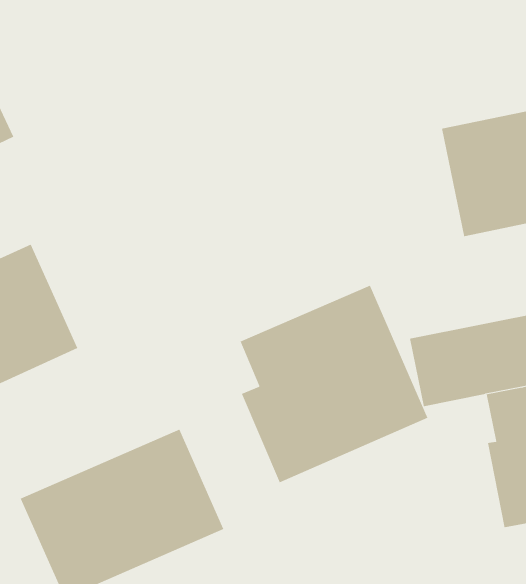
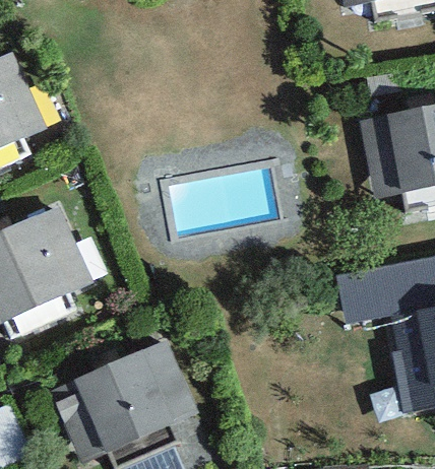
building: [240,285,428,483] -> none

